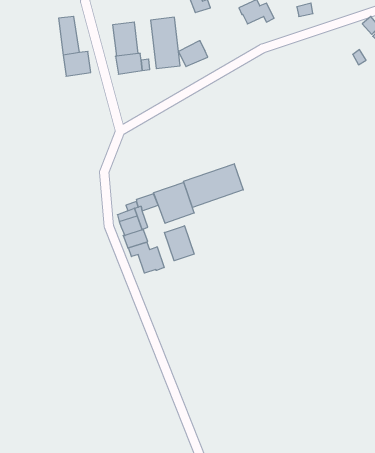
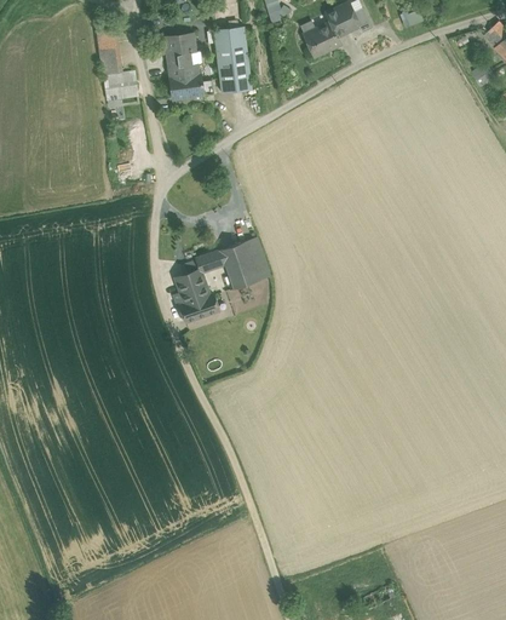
building: [178,41,208,67] -> [304,23,341,56]
building: [183,164,243,207] -> none
building: [164,226,194,261] -> none
building: [129,242,164,273] -> none

